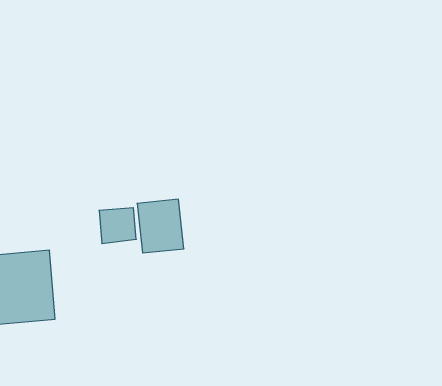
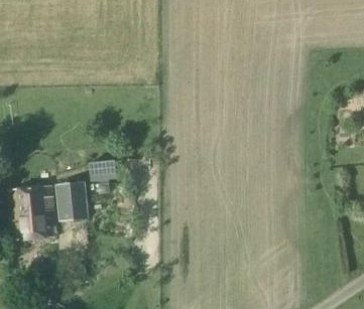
building: [137,199,184,253] -> [55,182,90,221]

